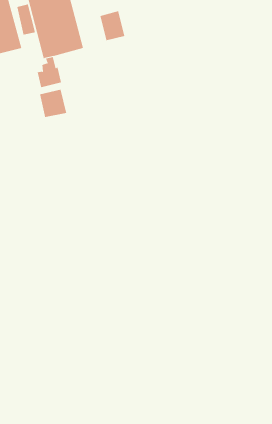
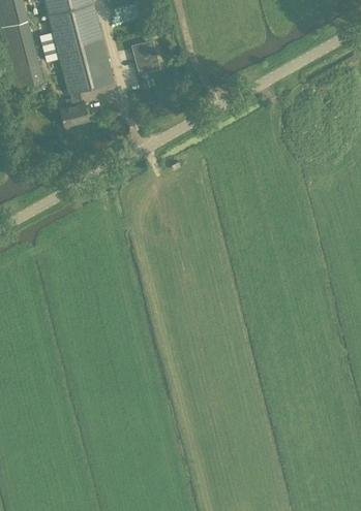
building: [40,89,67,118] -> none

